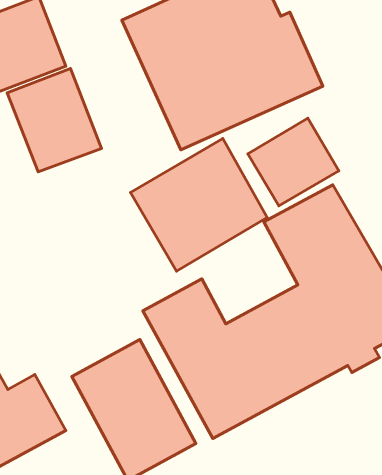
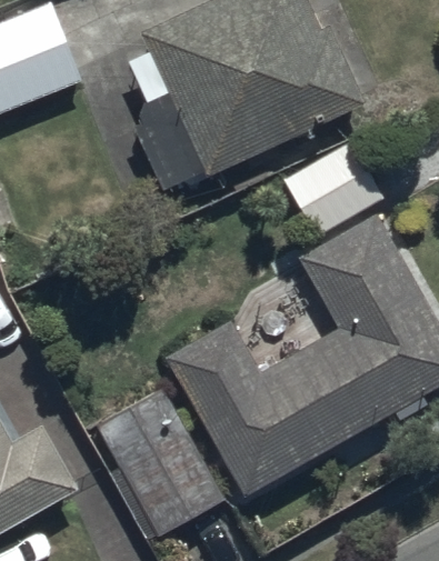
building: [7,69,101,172] -> none
building: [130,139,267,271] -> none

